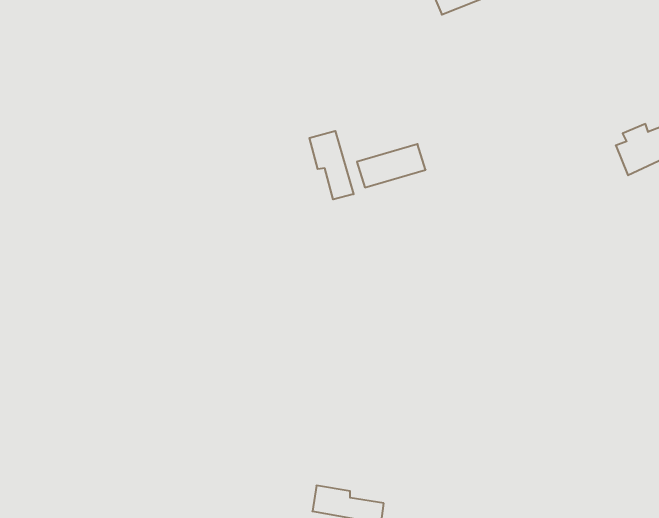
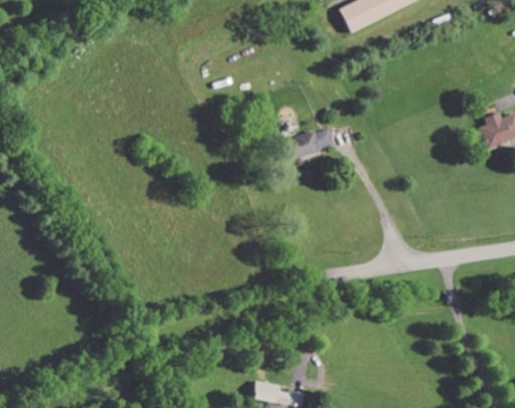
building: [309,131,354,199] -> none

